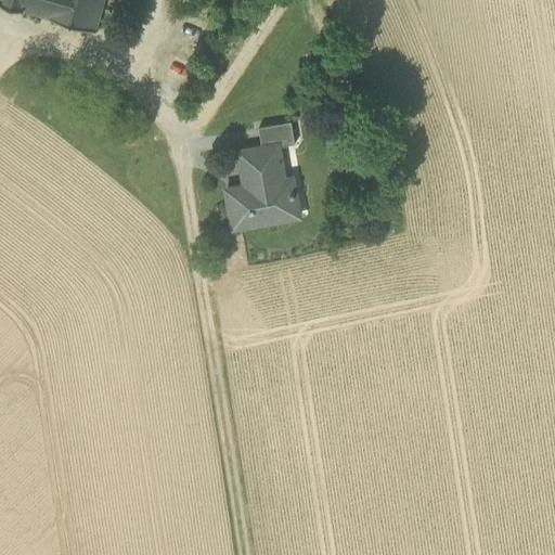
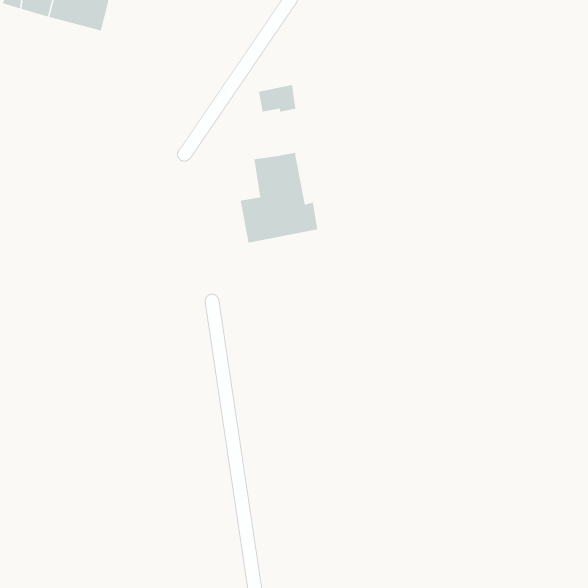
building: [260,120,296,146] -> [258,85,296,112]

